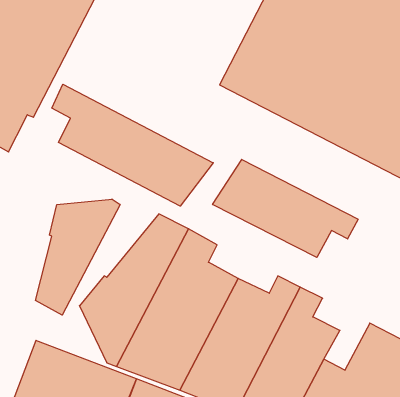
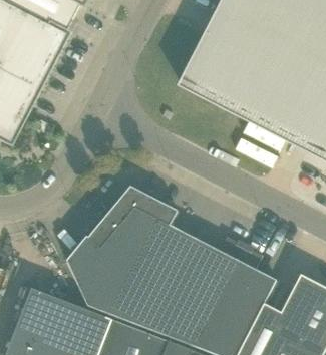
building: [52,84,213,206] -> none
building: [213,159,358,257] -> none
building: [36,199,120,315] -> none

